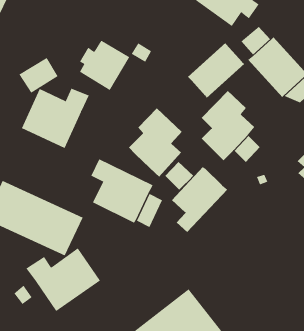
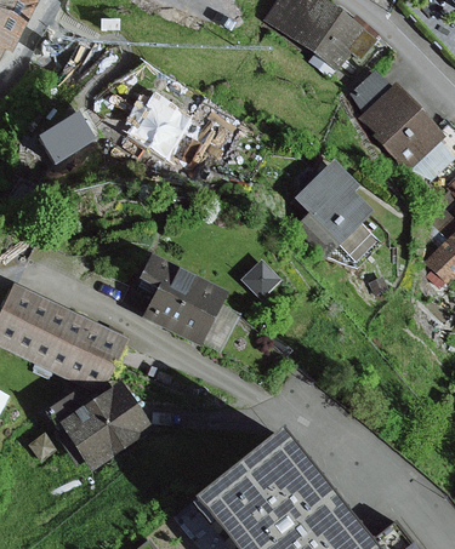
building: [187,42,245,99] -> none
building: [21,88,89,149] -> none
building: [128,107,183,177] -> none
building: [171,166,228,233] -> none

